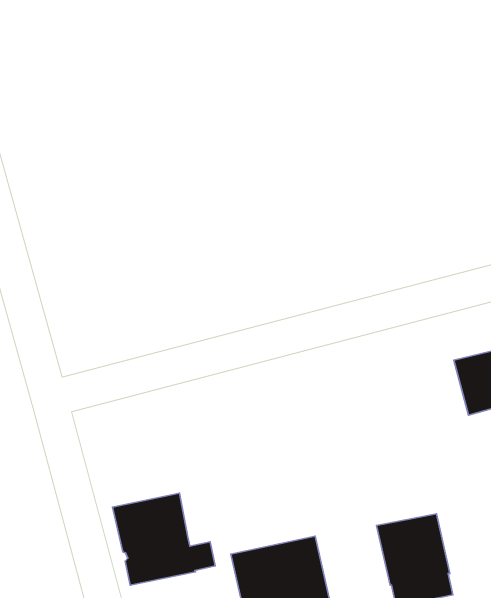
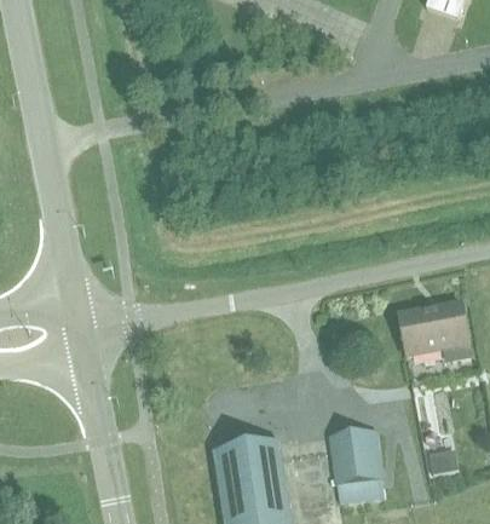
building: [113,493,215,585] -> none

